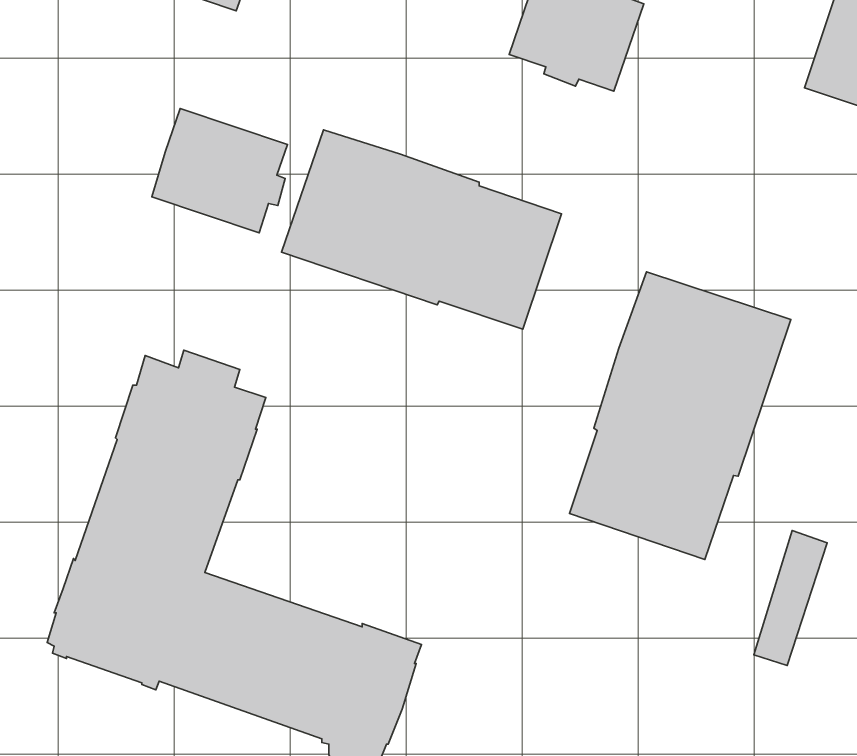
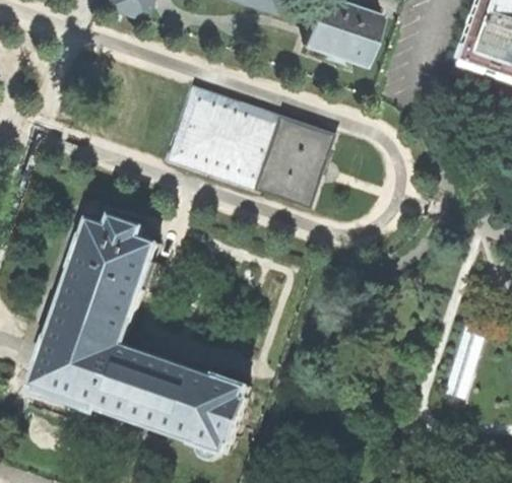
building: [152,108,287,233] -> none
building: [569,272,791,560] -> none

